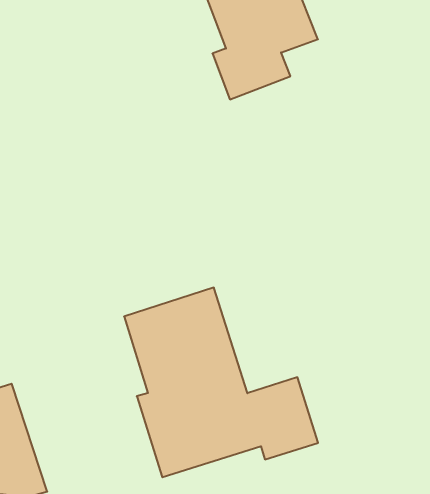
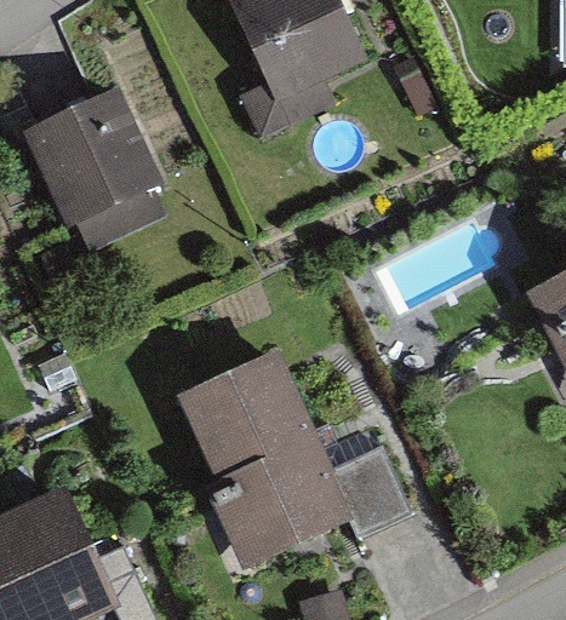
building: none -> [18,80,161,228]

